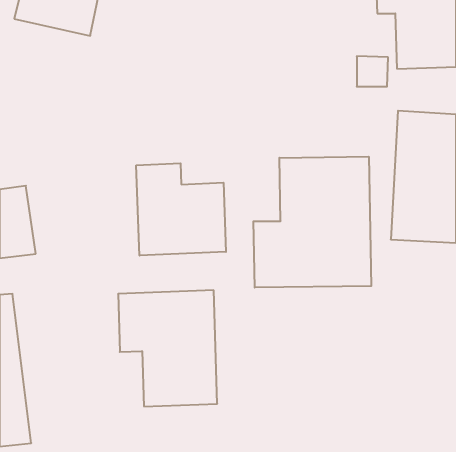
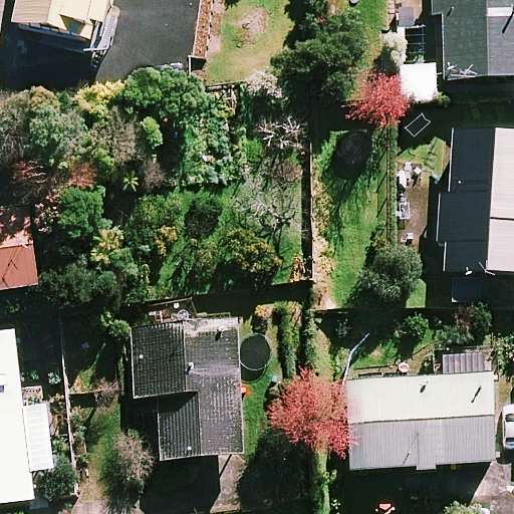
building: [253,157,371,288] -> none
building: [136,163,226,256] -> none
building: none -> [349,349,495,466]

